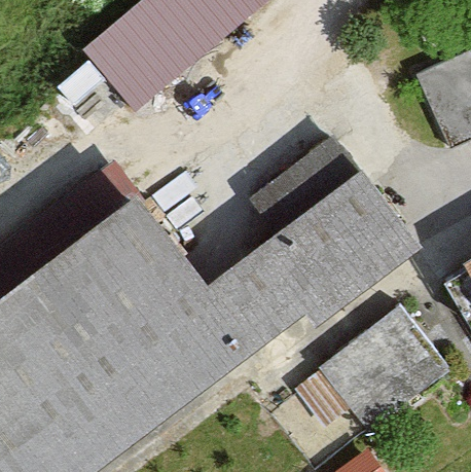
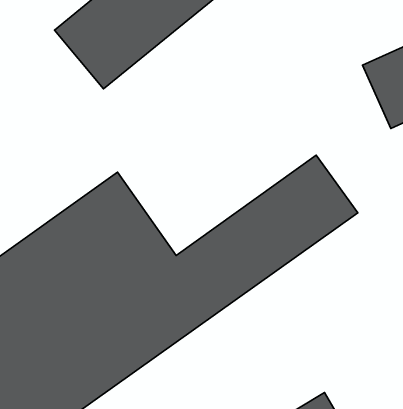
building: [296,298,448,436] -> none

